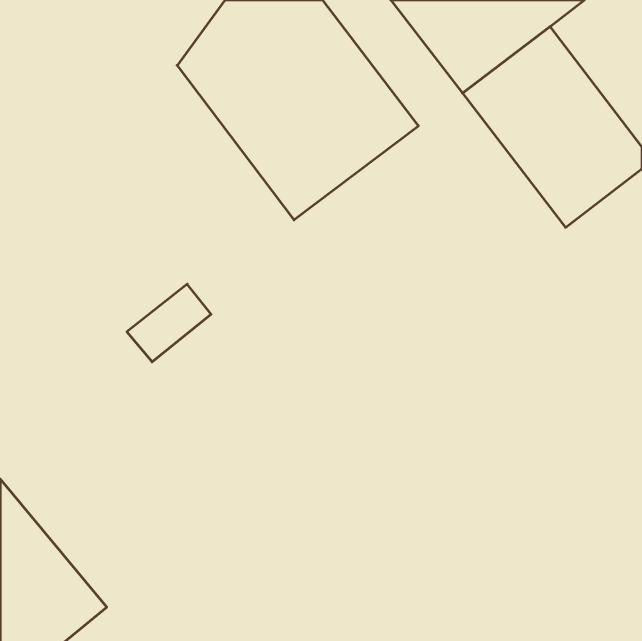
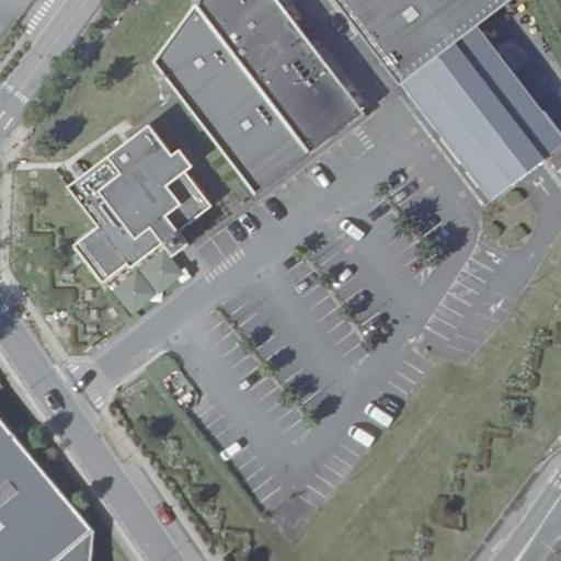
building: none -> [69,123,211,280]

